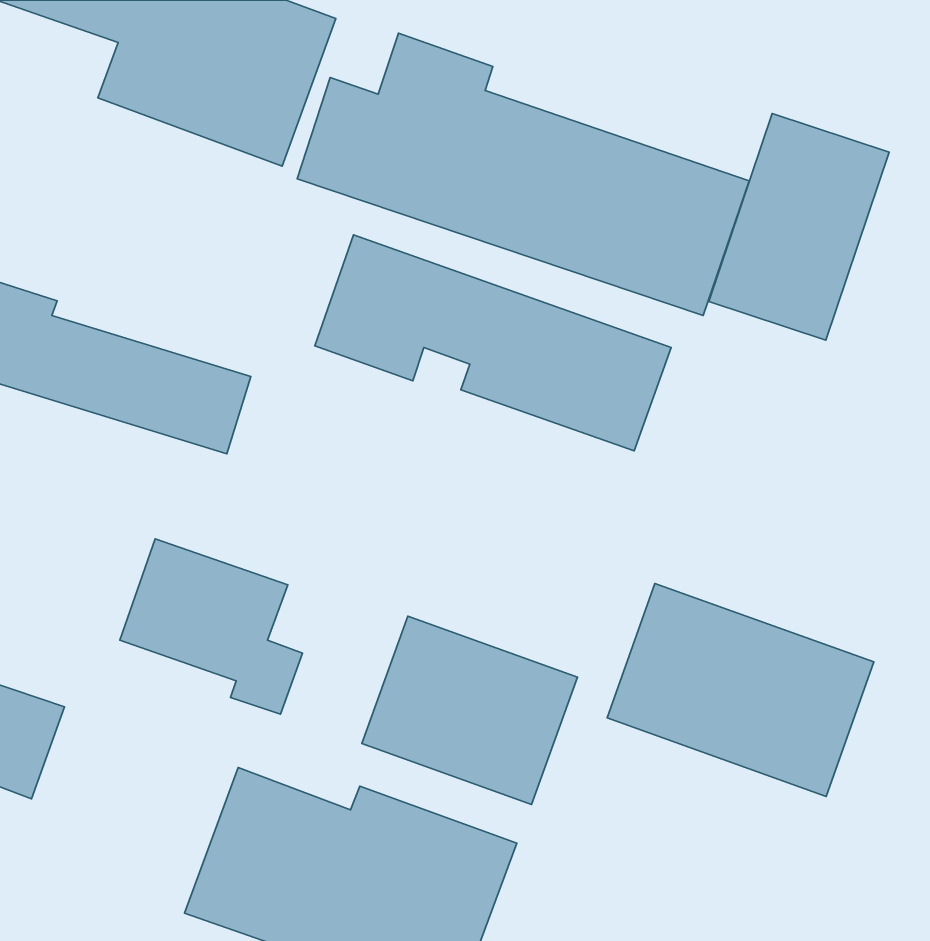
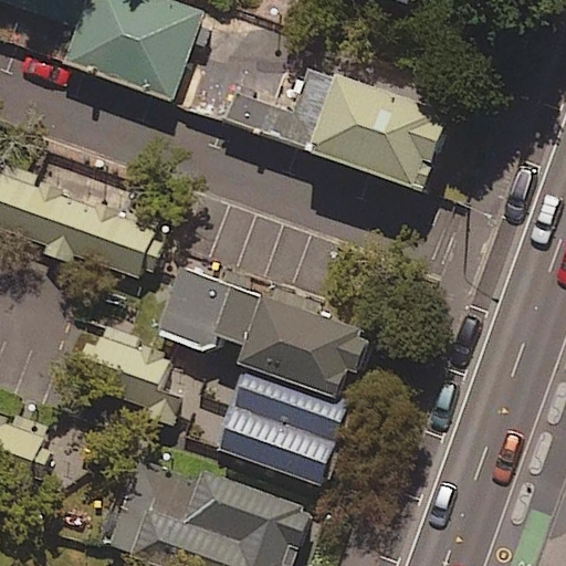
building: [709,113,889,340] -> none
building: [315,235,671,451] -> [153,266,366,396]
building: [607,583,874,796] -> none

